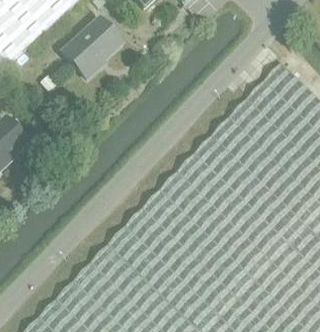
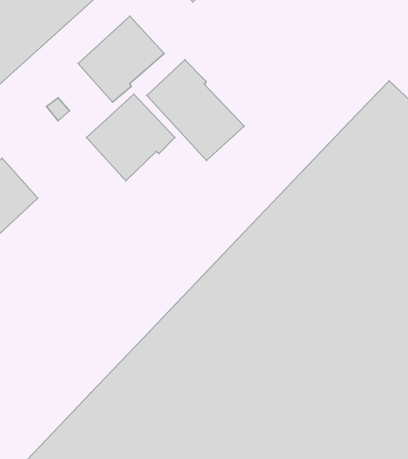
building: none -> [147,60,244,160]
building: none -> [86,94,175,181]

